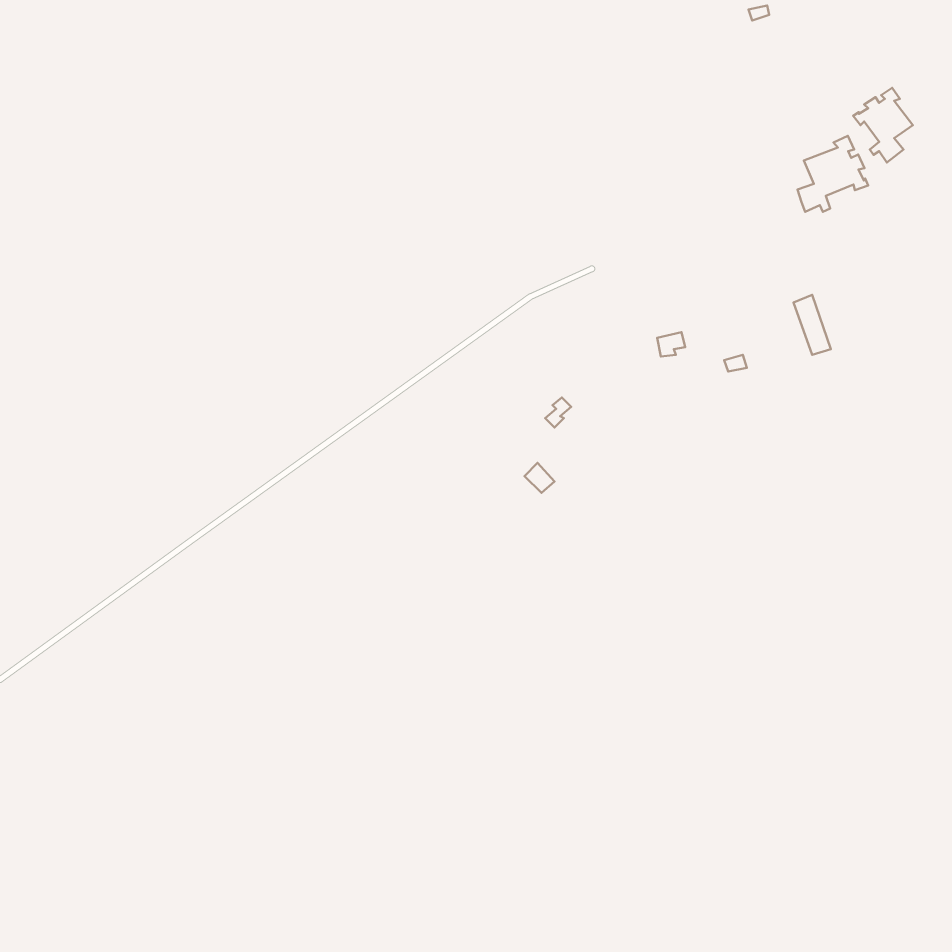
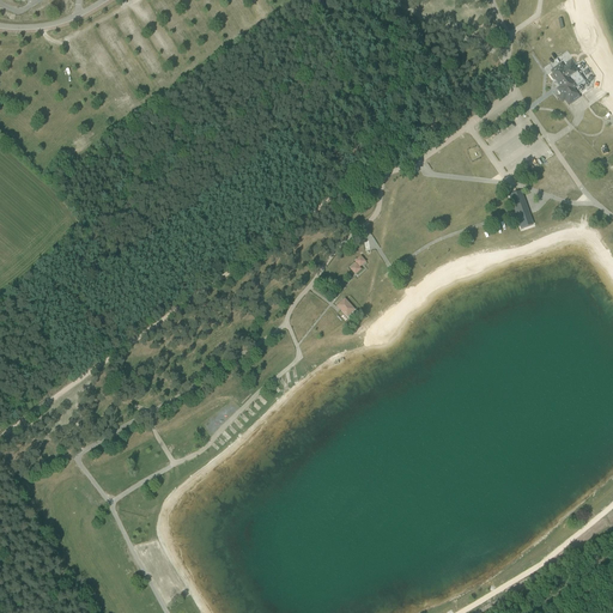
building: [797,136,868,212] -> none

